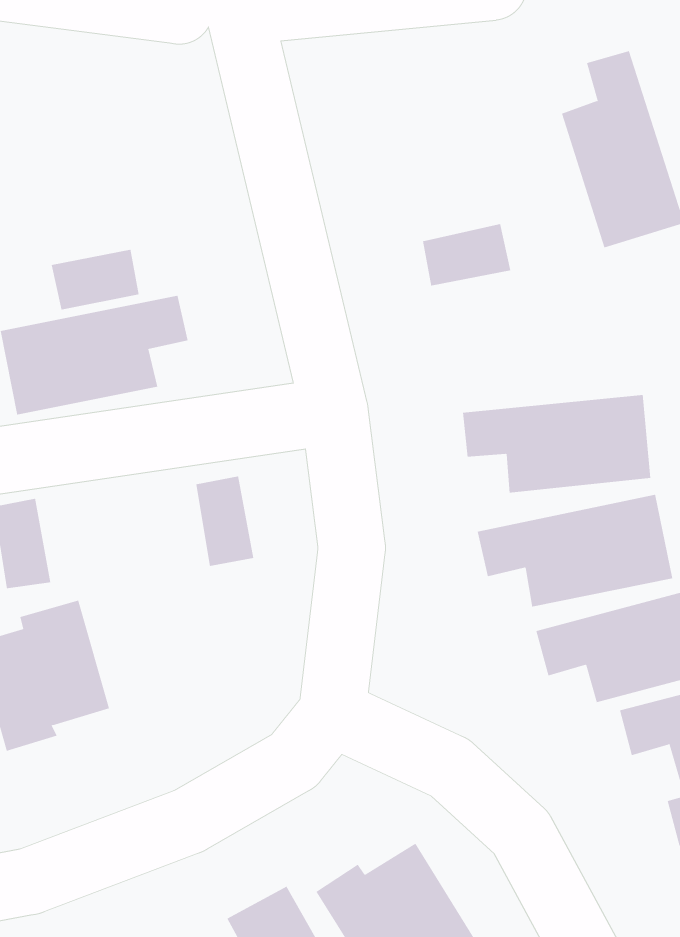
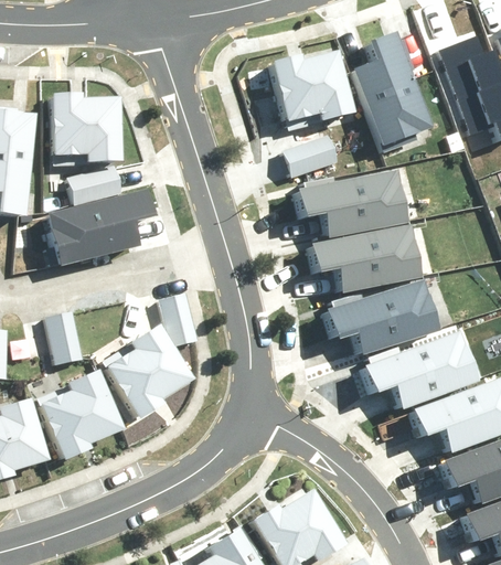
building: none -> [269,51,349,122]
building: none -> [56,93,120,163]
building: none -> [300,175,411,237]
building: none -> [102,324,185,418]

